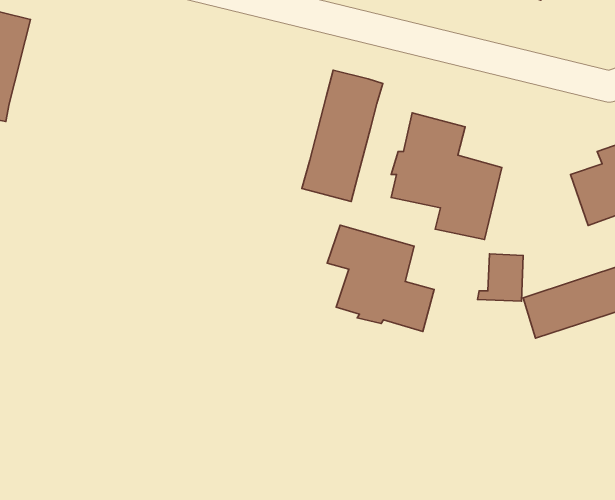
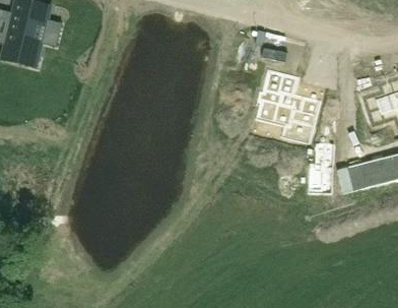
building: [302,70,383,202] -> none
building: [327,225,434,332] -> none

